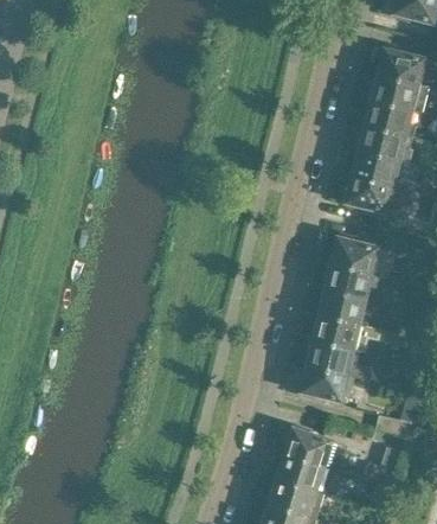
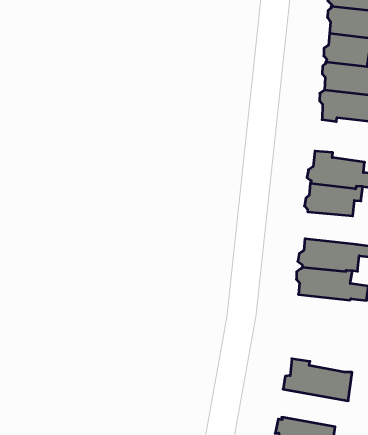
building: [317,289,368,326] -> none
building: [297,365,352,402] -> none
building: [274,452,338,496] -> none

